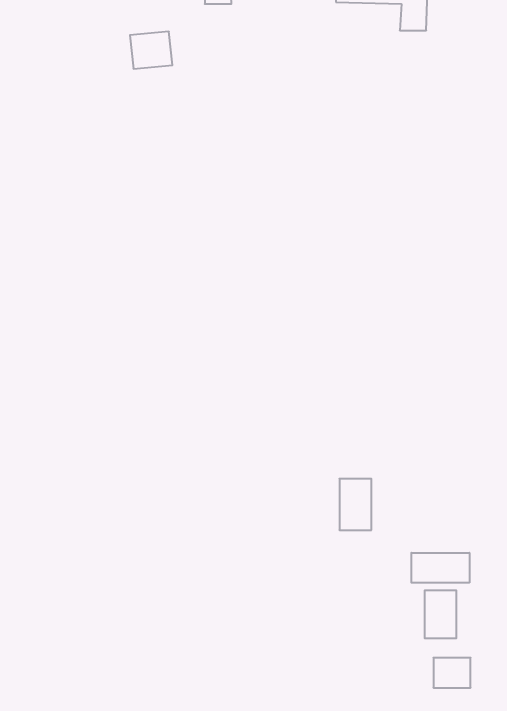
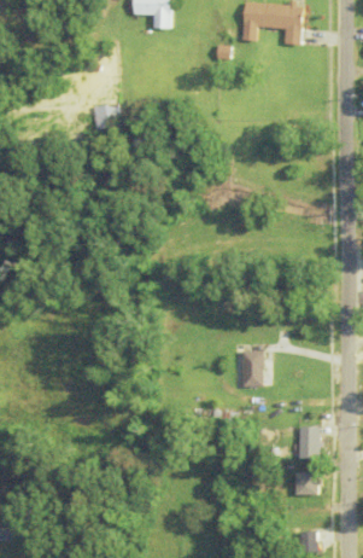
building: [130,32,172,69] -> [87,103,116,128]
building: [411,553,469,583] -> none

